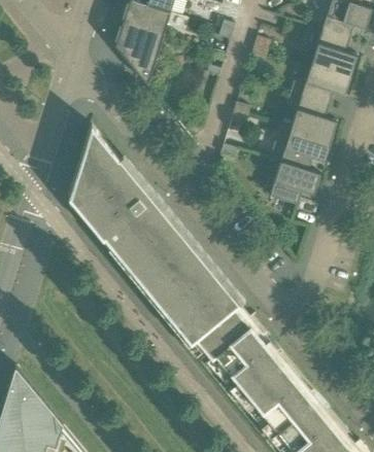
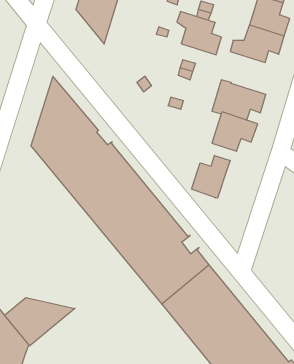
building: [285,94,336,142] -> [177,12,222,55]
building: none -> [191,155,230,198]
building: none -> [5,298,75,346]

